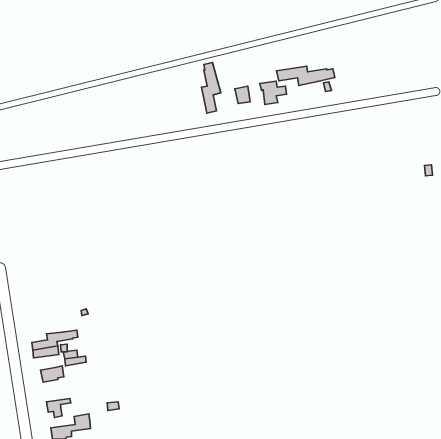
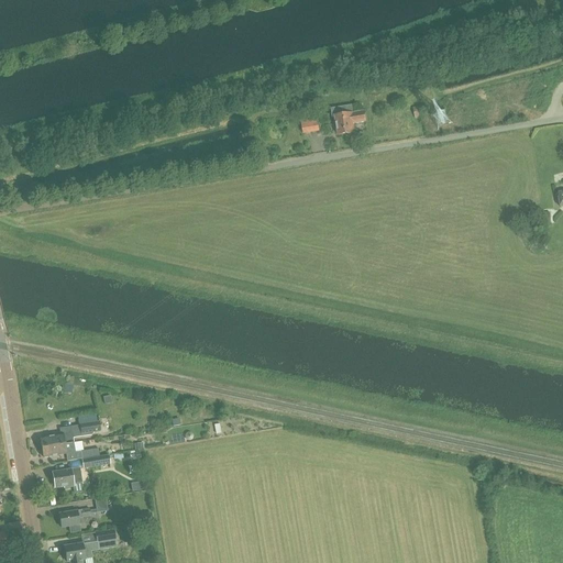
building: [202,62,221,113] -> none
building: [277,66,335,86] -> none

